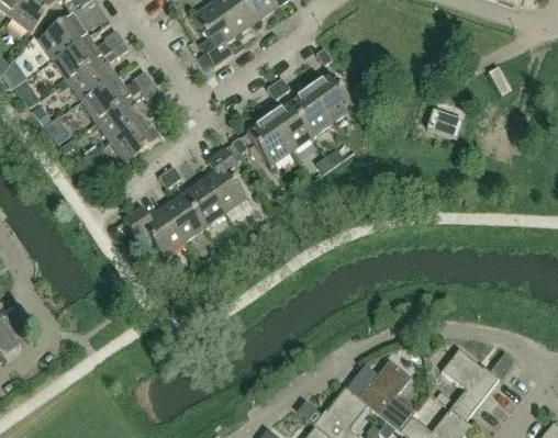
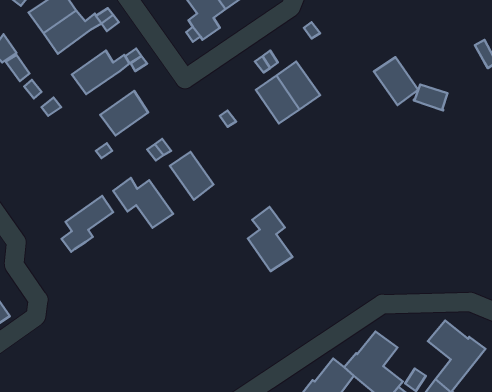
building: [68,56,116,101] -> none
building: [309,74,354,122] -> [374,57,418,105]
building: [97,98,145,142] -> none
building: [247,116,291,166] -> none
building: [202,147,247,212] -> [248,207,292,271]
building: [160,193,205,242] -> none
building: none -> [62,196,113,252]

